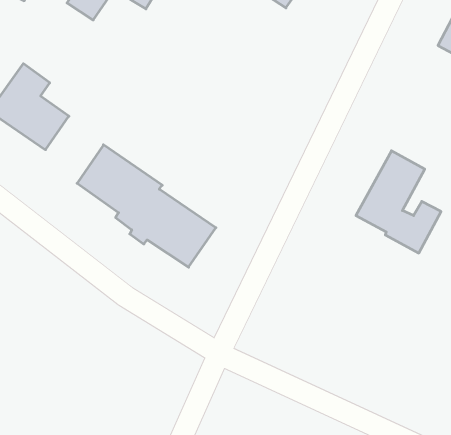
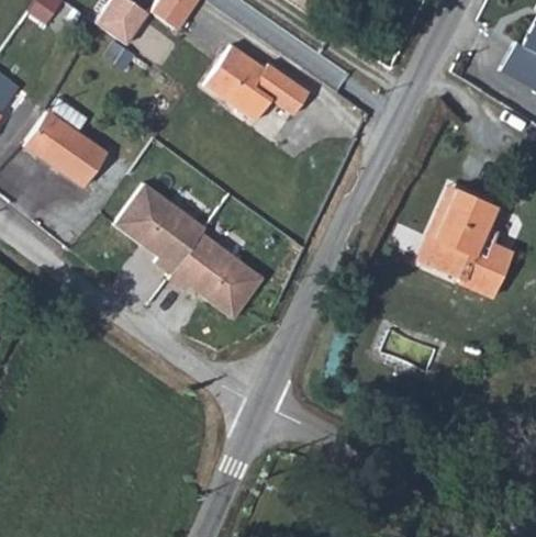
building: none -> [209,47,313,122]

